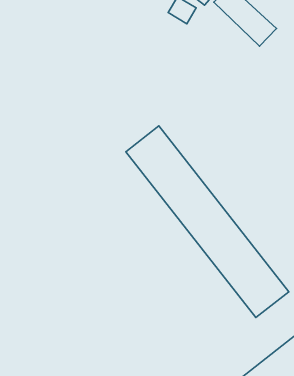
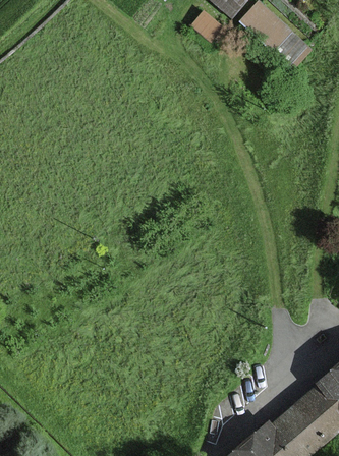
building: [126,126,289,318] -> none

